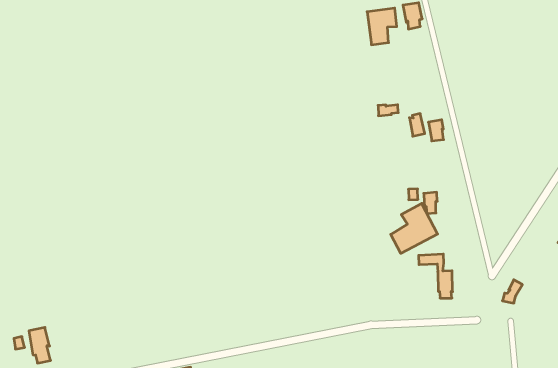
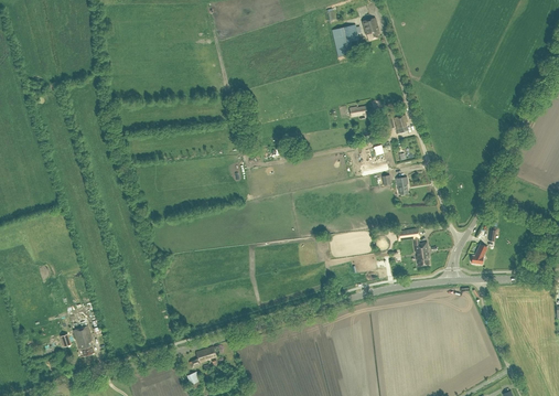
building: [391,203,438,253] -> none

